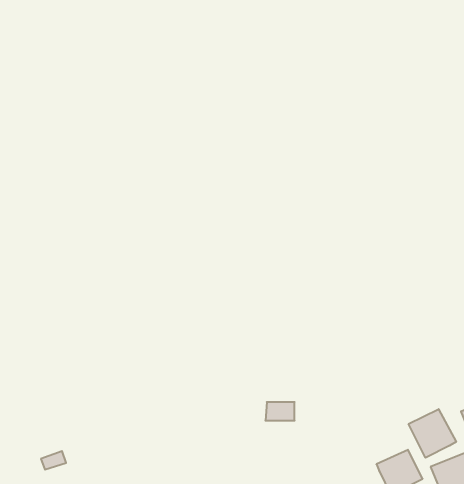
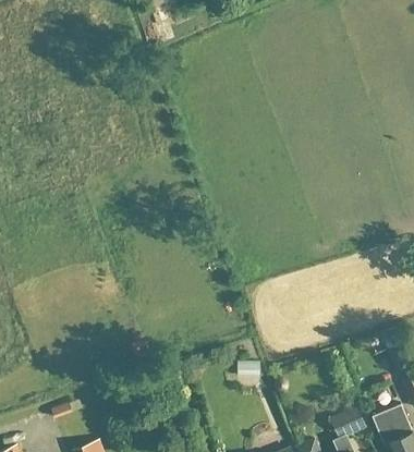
building: [409,409,456,458] -> none

